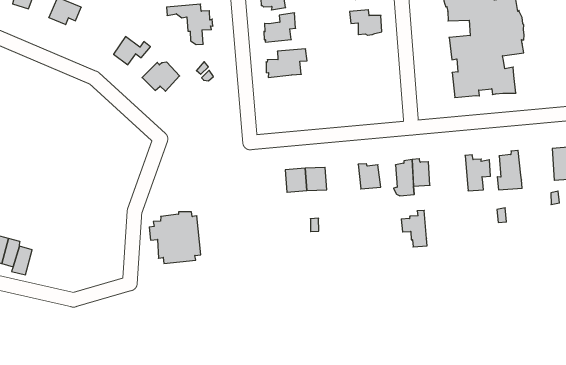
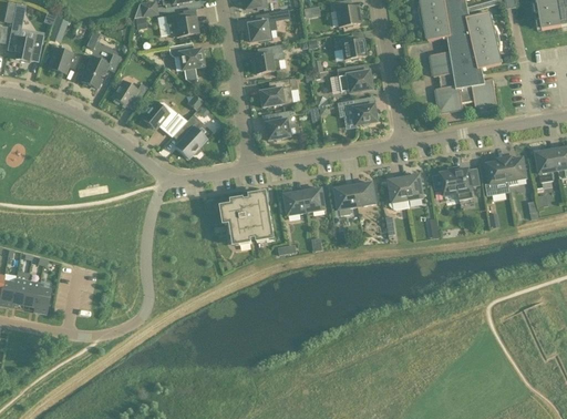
building: none -> [80,52,120,88]
building: none -> [336,64,370,91]
building: none -> [336,98,377,124]
building: none -> [174,114,210,156]
building: none -> [264,109,293,139]
building: none -> [503,155,526,184]
building: none -> [333,182,357,214]
building: [401,210,427,247] -> [432,165,458,201]
building: [149,212,201,263] -> [221,193,272,244]

